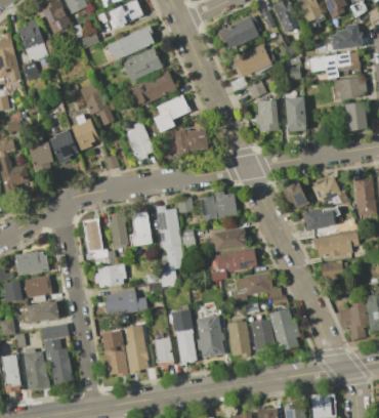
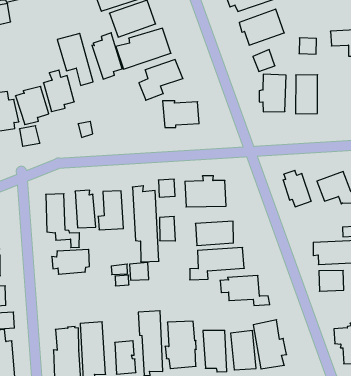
building: [126,121,154,161] -> [92,33,122,79]
building: [304,208,335,231] -> none
building: [106,291,148,315] -> none

